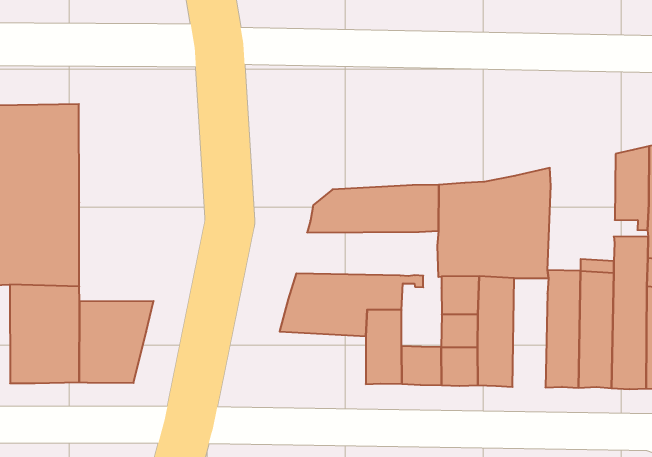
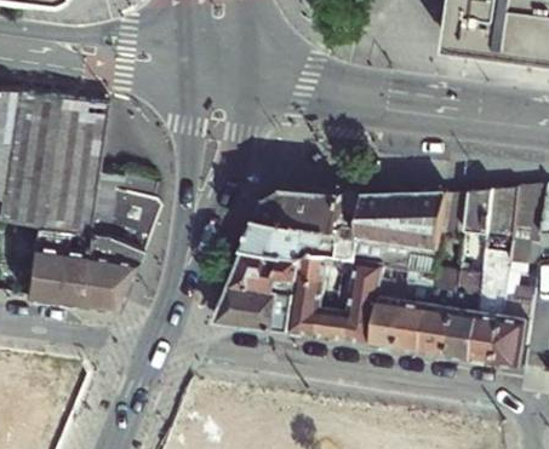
building: none -> [461,190,492,242]
building: none -> [82,172,156,252]
building: none -> [245,217,351,263]
building: none -> [393,271,430,355]
building: none -> [212,287,290,334]

